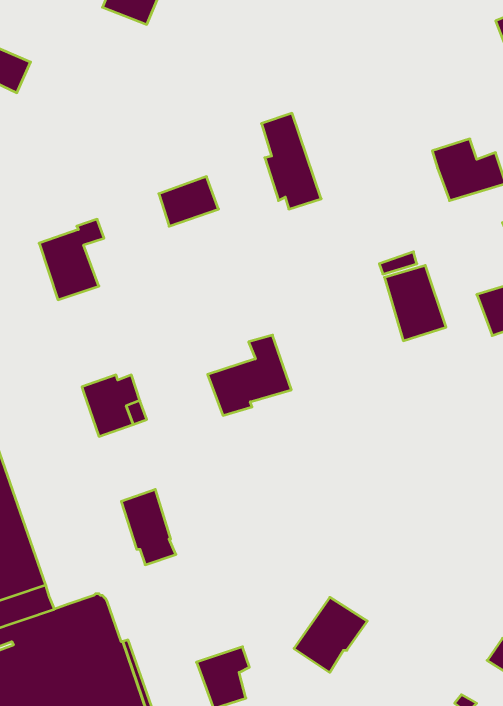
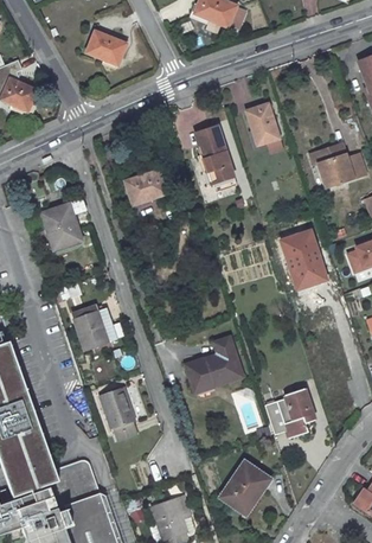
building: none -> [246,103,280,145]
building: [208,335,291,415] -> [185,337,243,392]
building: none -> [264,389,315,439]

